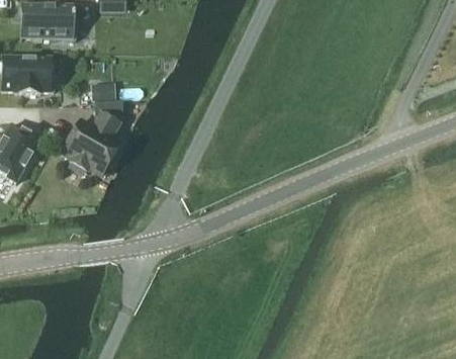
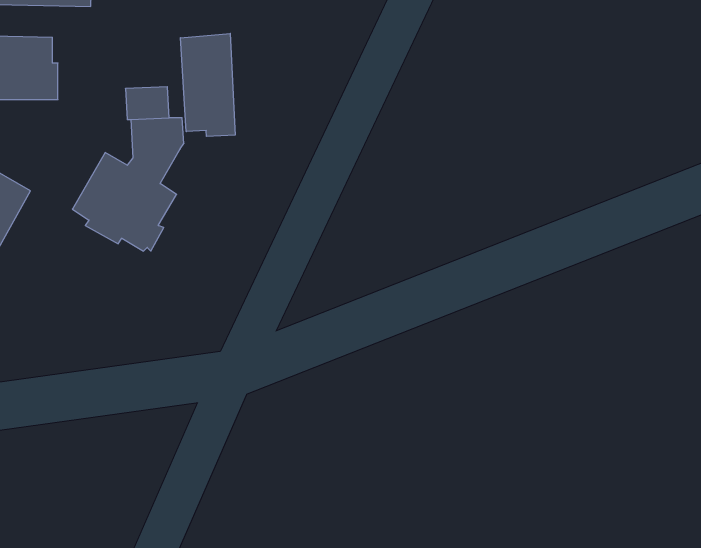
building: none -> [180,33,235,136]

